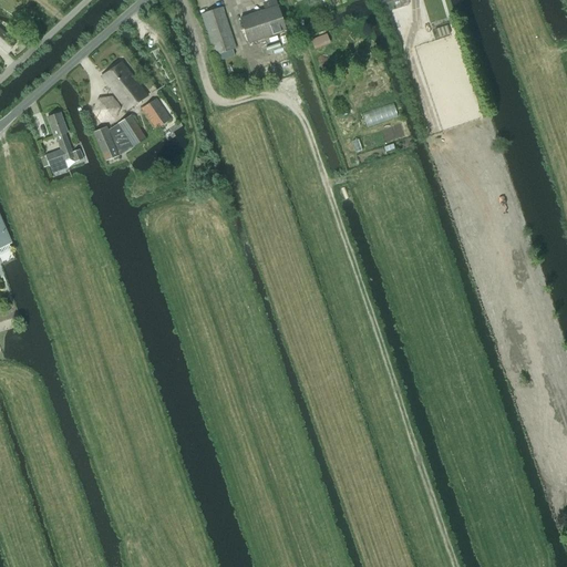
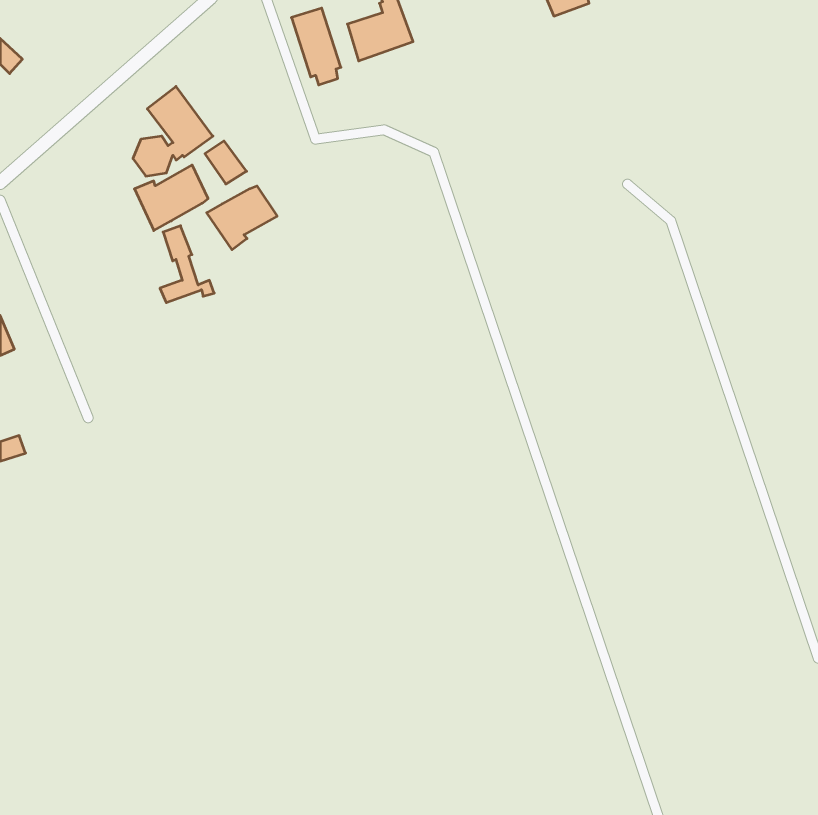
building: [45,111,83,164] -> [160,226,214,303]
building: none -> [207,186,277,250]

